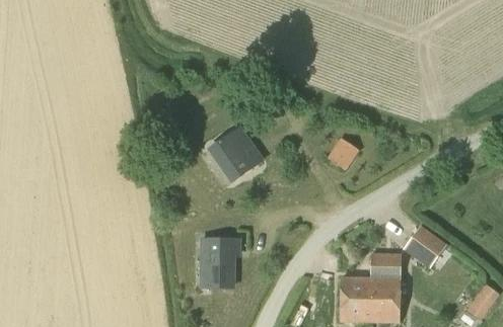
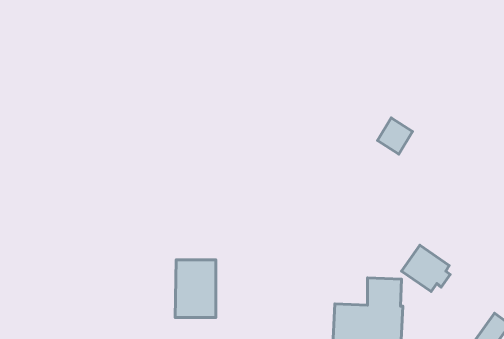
building: [207,126,263,182] -> none
building: [328,138,359,170] -> [377,118,413,154]

